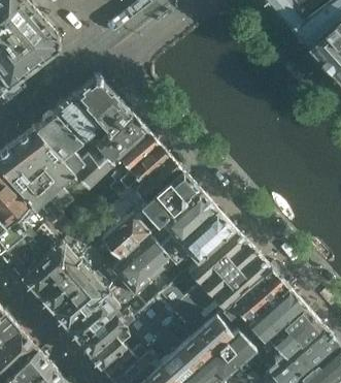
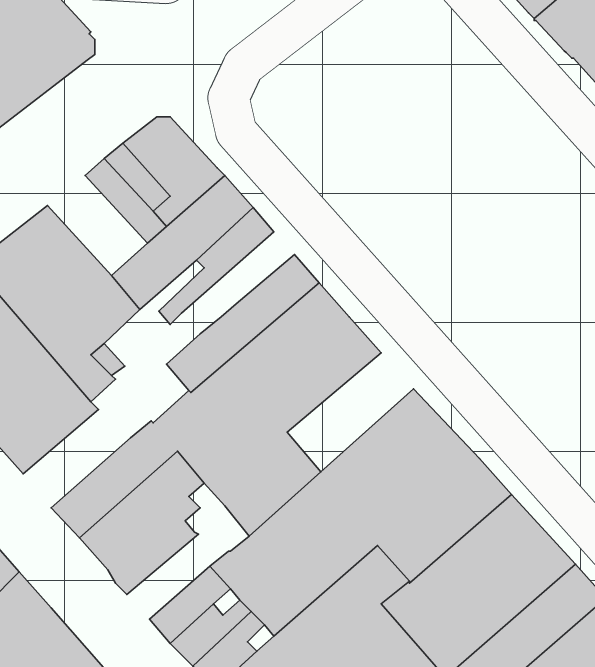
building: [33,113,88,167] -> none
building: [106,143,168,199] -> none
building: [164,210,233,275] -> none
building: [20,238,78,294] -> none
building: [76,293,143,355] -> none

